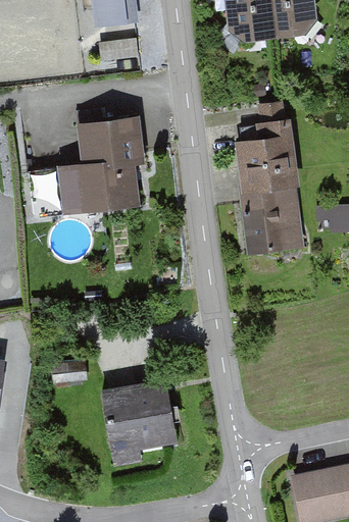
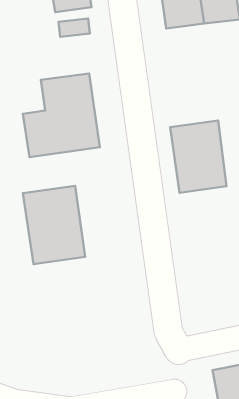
building: [231,118,295,175] -> none
building: none -> [23,186,85,264]
building: [100,379,179,469] -> none

